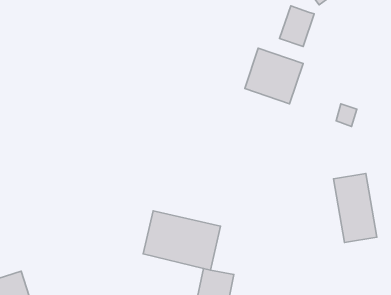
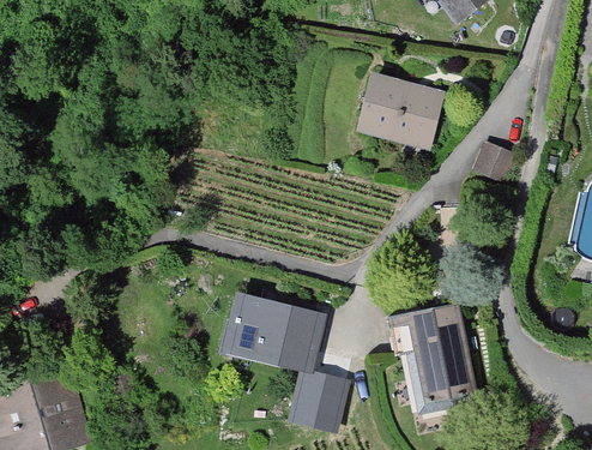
building: [280,6,314,46] -> none
building: [334,173,377,243] -> [415,307,472,400]

